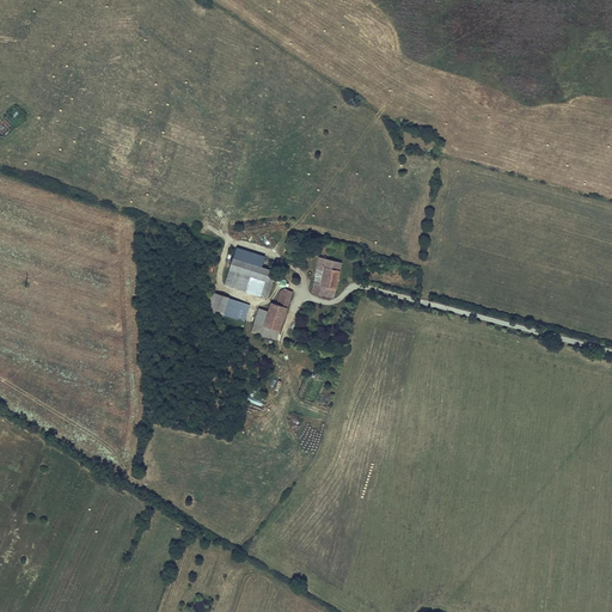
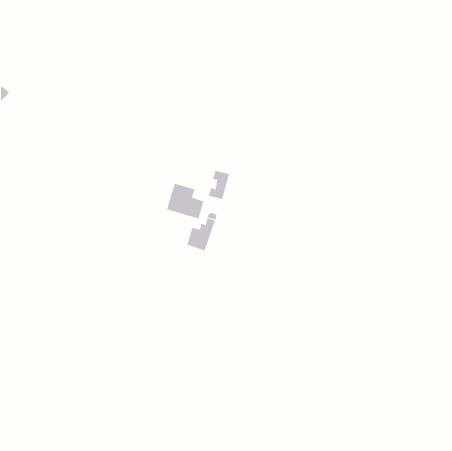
building: [308,259,338,299] -> [208,170,230,200]
building: [206,290,249,322] -> none

